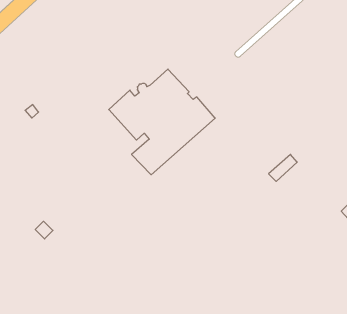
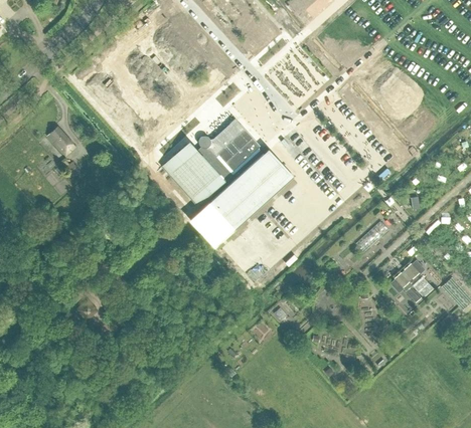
building: none -> [46,127,74,155]
building: none -> [390,260,433,301]

